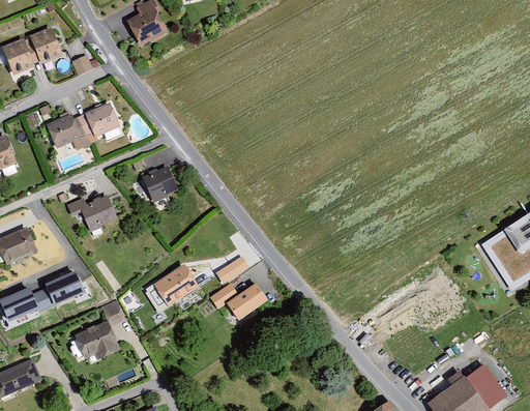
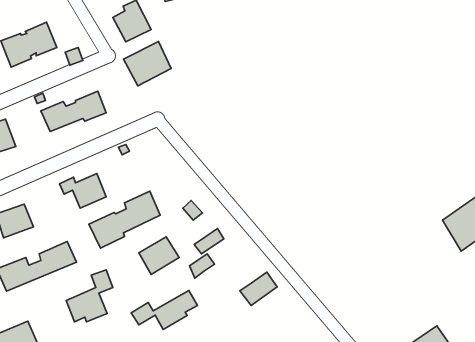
building: none -> [124,41,171,86]
building: [142,166,178,203] -> none
building: none -> [89,191,160,248]
building: [226,282,267,319] -> [240,272,277,306]
building: none -> [131,291,198,330]

